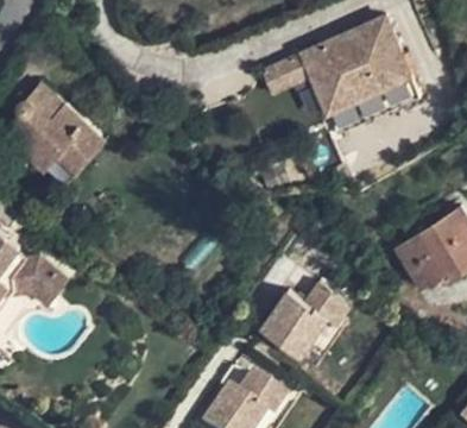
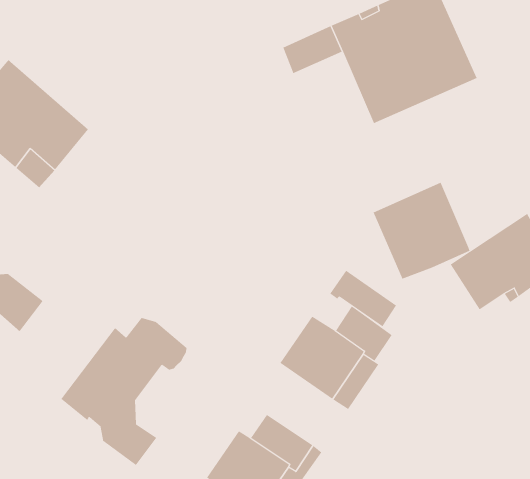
building: none -> [373,182,470,279]
building: none -> [330,270,397,327]
building: none -> [60,317,187,466]

